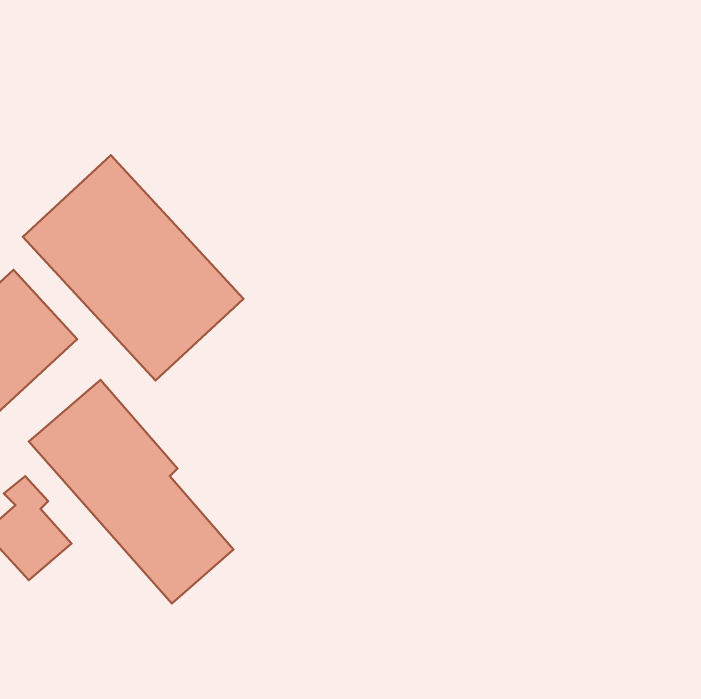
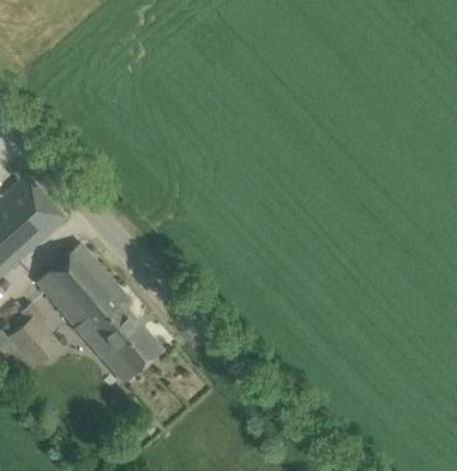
building: [23,155,243,380] -> none

